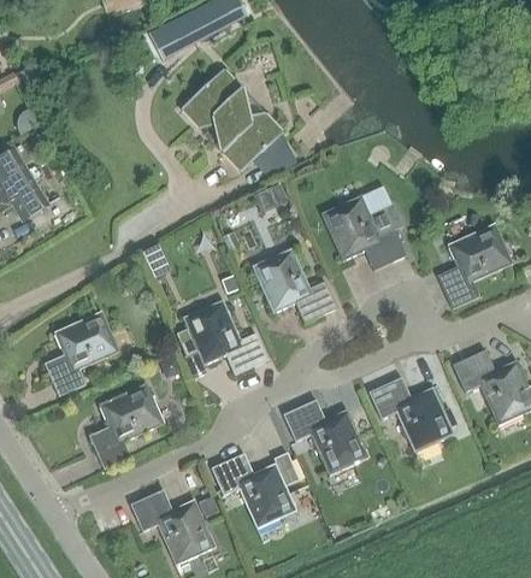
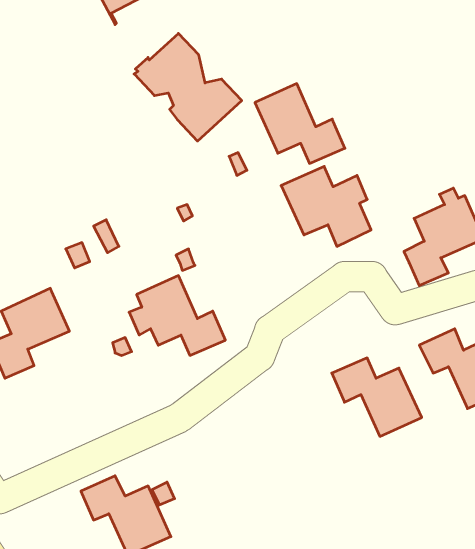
building: [252,247,337,323] -> [255,84,345,163]
building: [88,384,164,468] -> none
building: [283,399,368,474] -> none
building: [211,453,296,529] -> none

